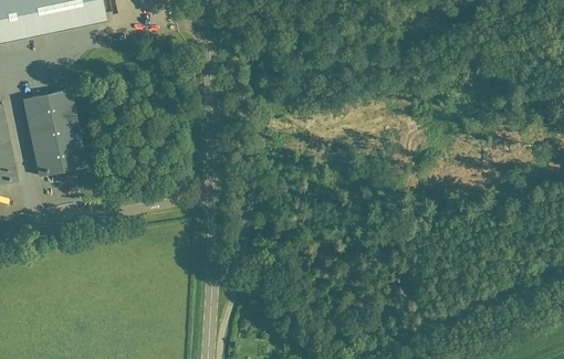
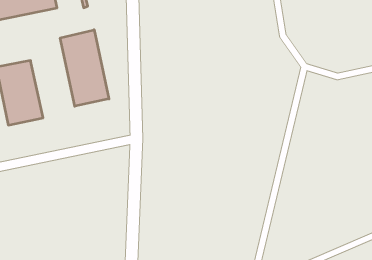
building: none -> [60,30,109,106]

